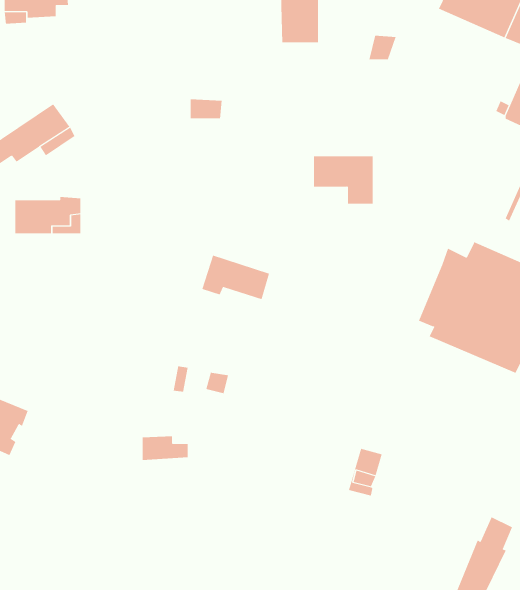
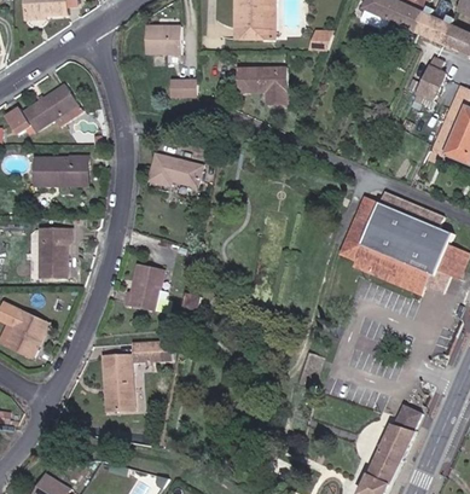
building: none -> [145,25,180,53]
building: [313,156,374,204] -> [239,68,286,105]
building: [202,255,270,300] -> [146,153,199,188]
building: none -> [37,231,69,277]
building: none -> [124,265,161,310]
building: none -> [101,355,132,412]

